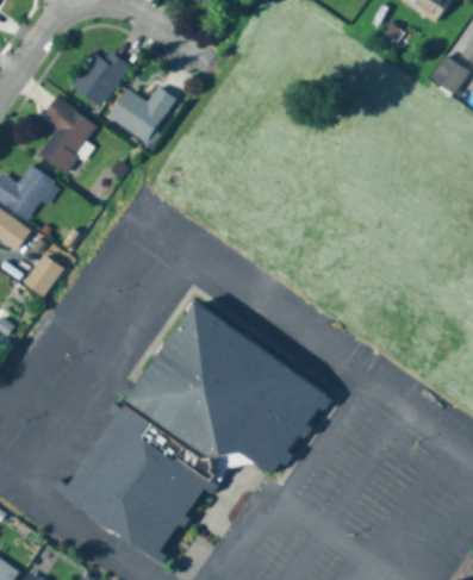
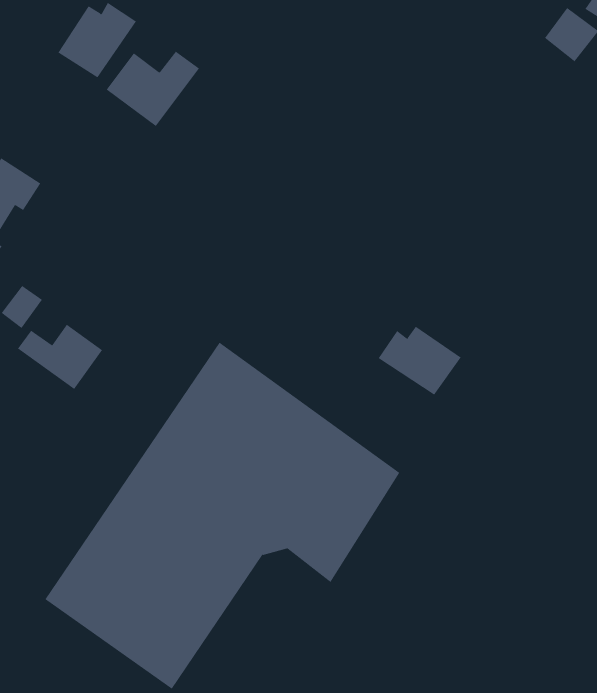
building: [38,96,98,173] -> none
building: none -> [17,324,103,390]
building: none -> [378,326,461,396]

